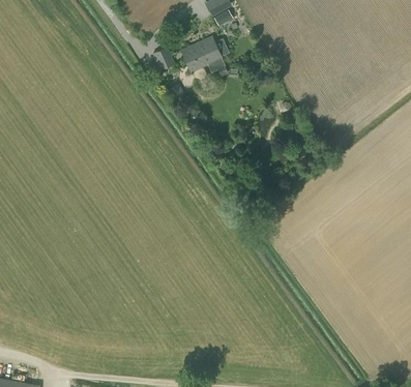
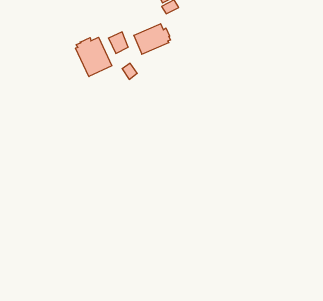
building: none -> [76,37,112,77]

